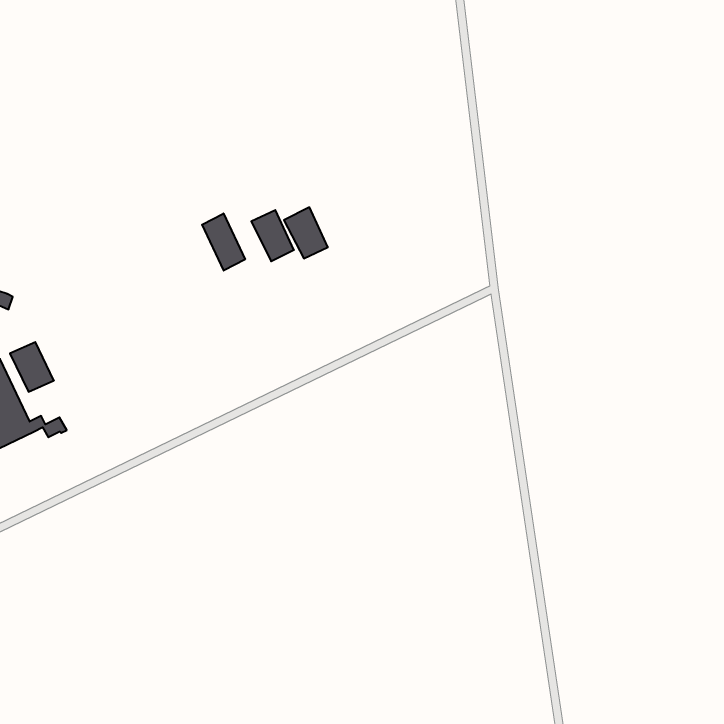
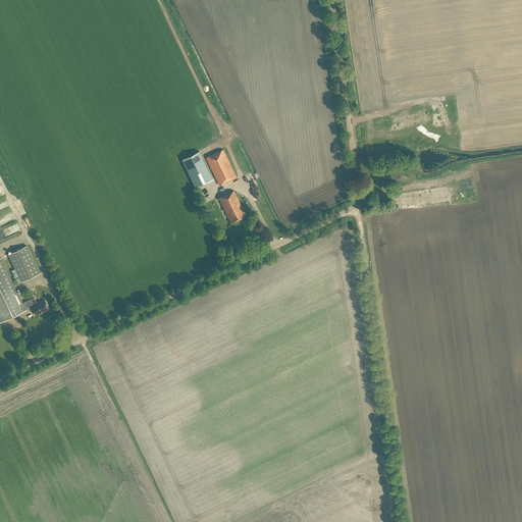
building: [202,213,245,271] -> none
building: none -> [217,192,245,223]

